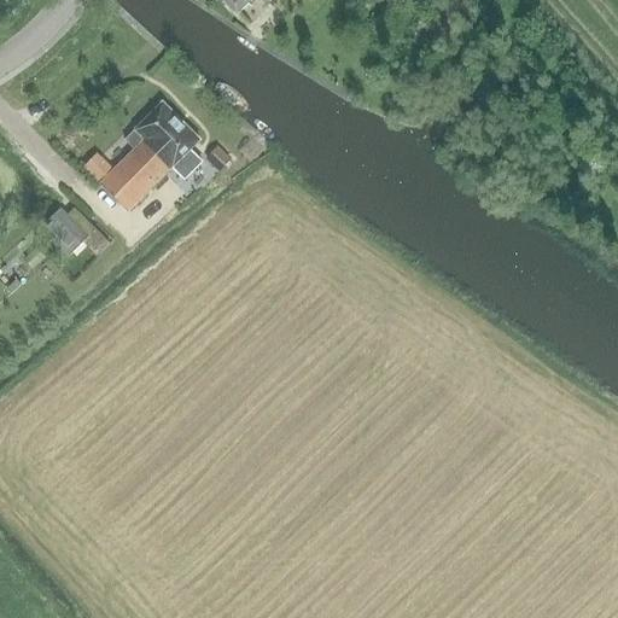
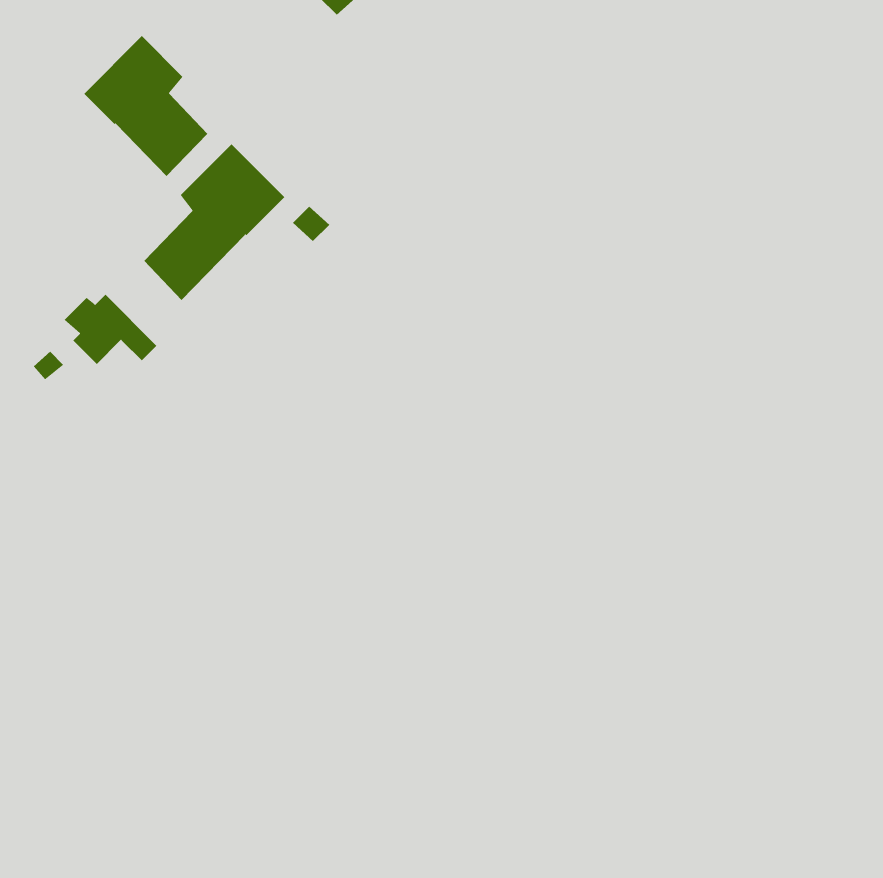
building: none -> [83,35,208,177]

